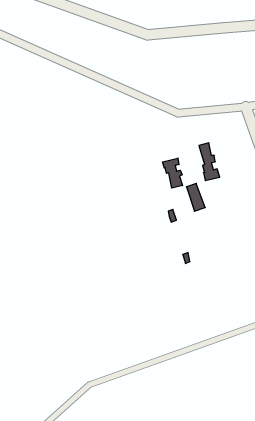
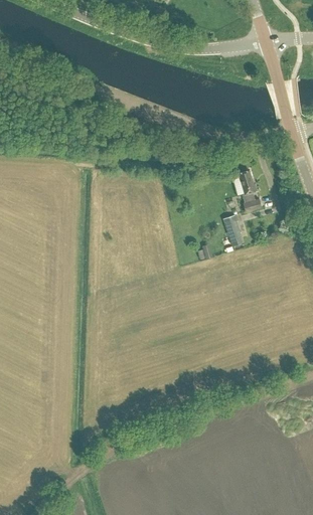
building: [163,158,182,188] -> none

